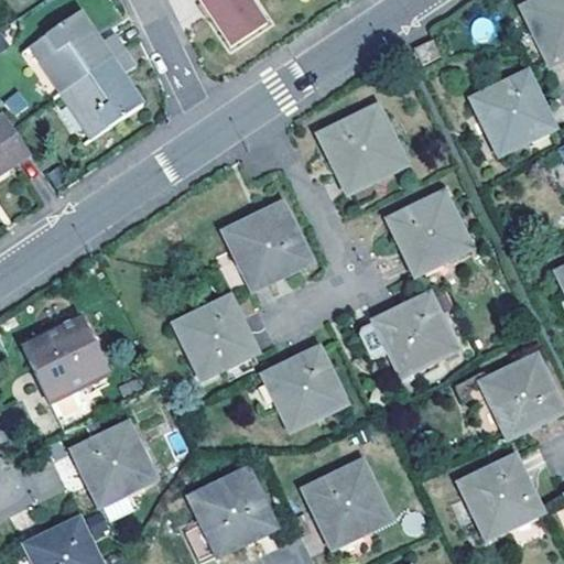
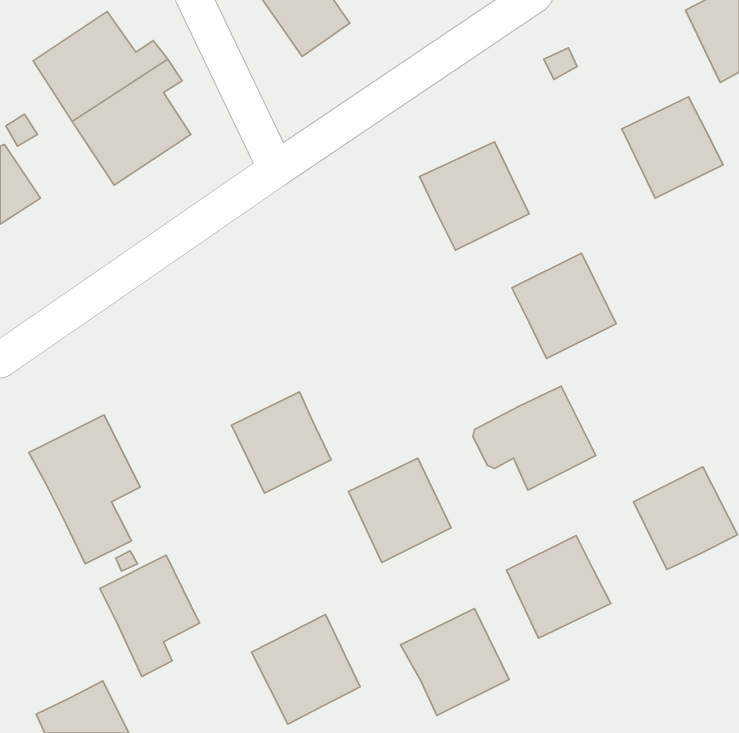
building: [225,204,308,288] -> none
building: [462,457,541,535] -> [507,535,611,638]

